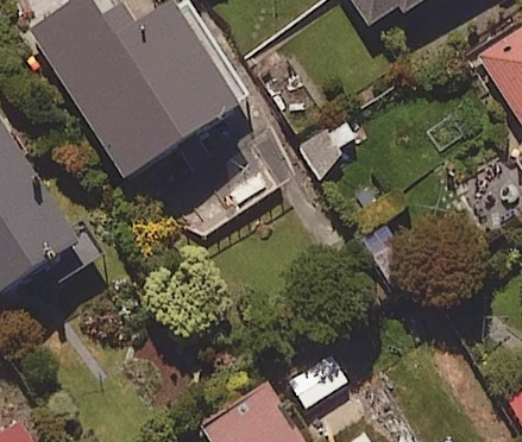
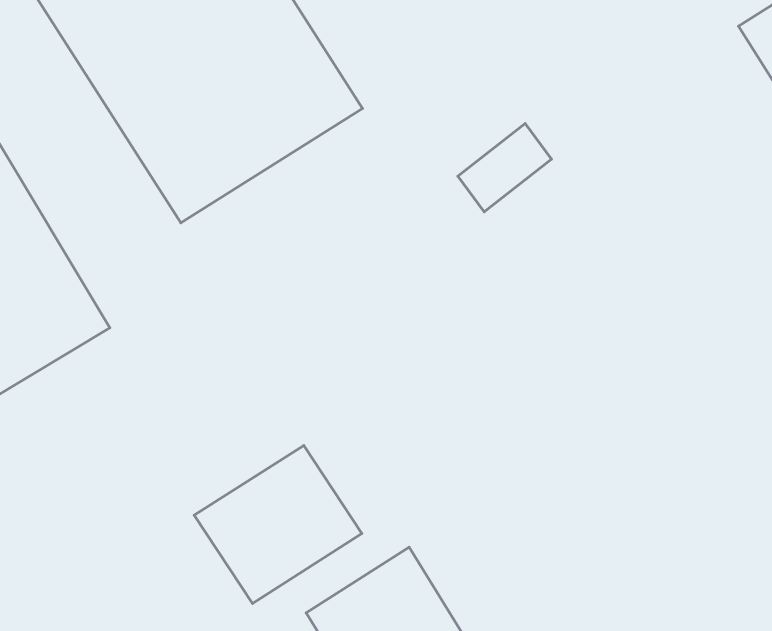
building: none -> [194,445,362,603]

